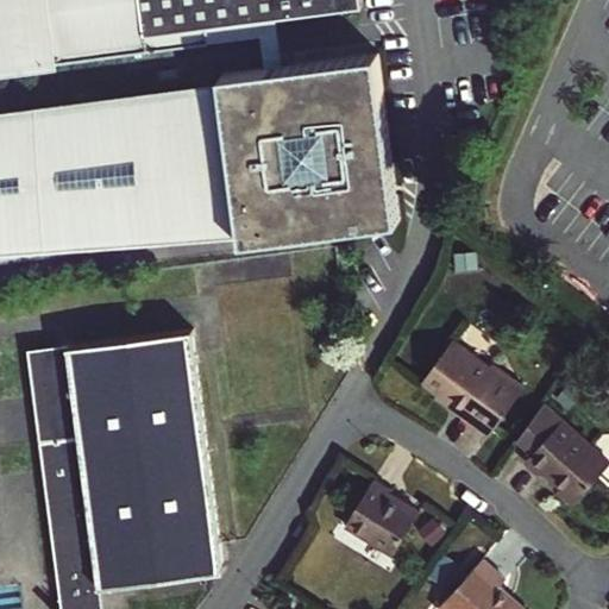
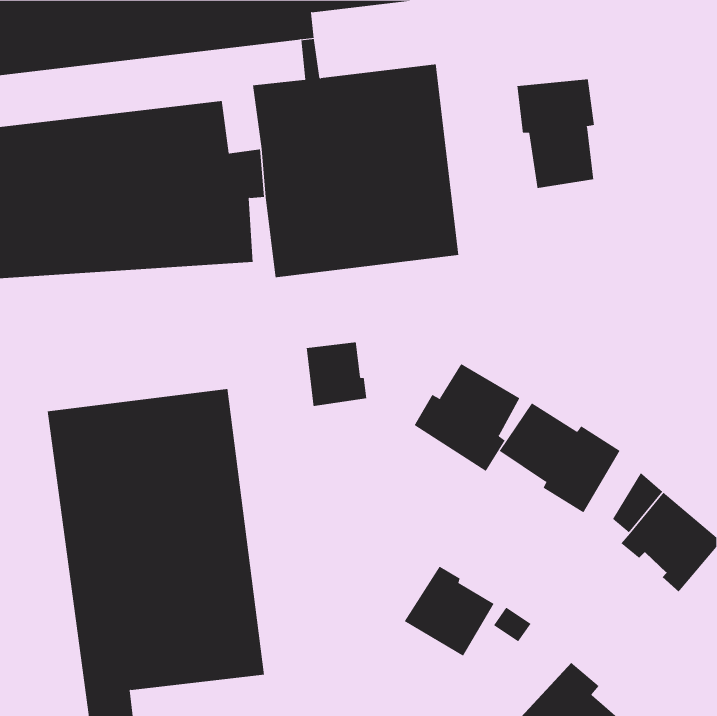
building: none -> [517,79,594,189]
building: none -> [306,342,367,407]
building: none -> [414,363,520,472]

